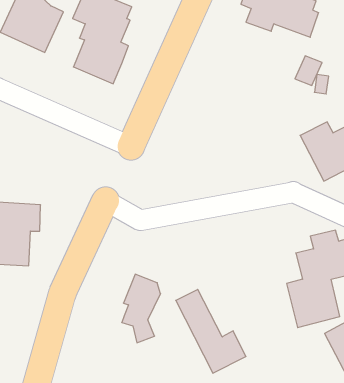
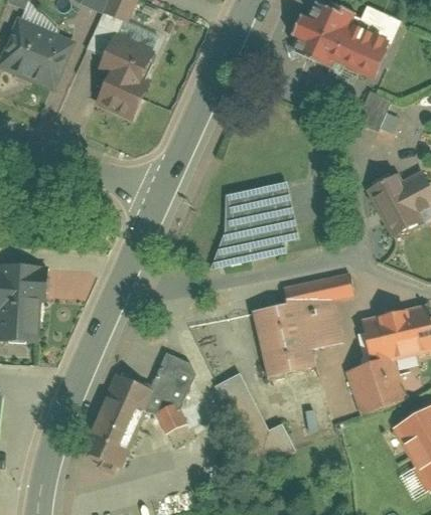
building: none -> [207,178,299,269]
building: none -> [253,273,352,381]
building: none -> [91,375,156,466]

